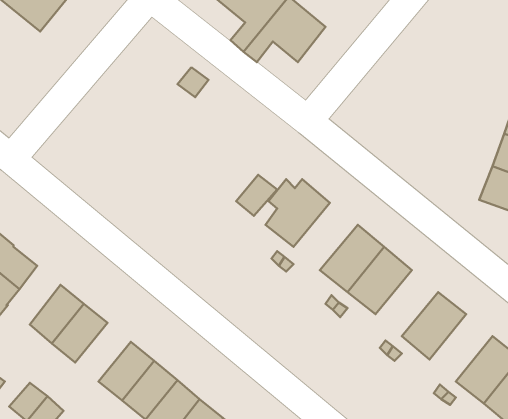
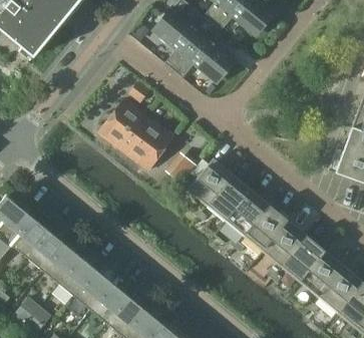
building: none -> [98,97,174,170]
building: none -> [208,174,252,220]
building: none -> [11,217,48,257]
building: none -> [264,220,307,265]
building: none -> [301,250,344,296]
building: none -> [58,256,96,296]

